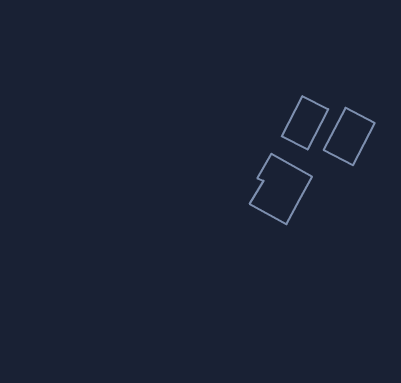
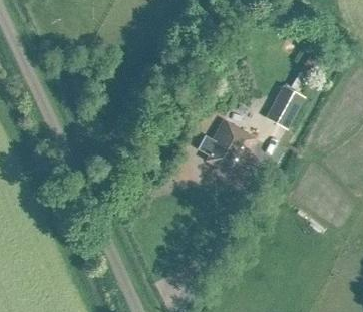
building: [282,96,328,150] -> none

